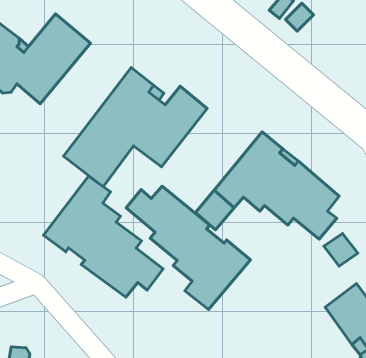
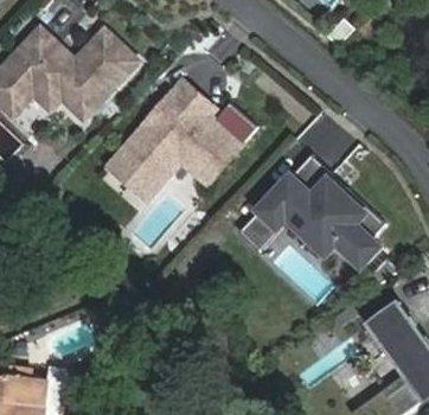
building: [43,176,163,297] -> none
building: [126,186,250,310] -> none

